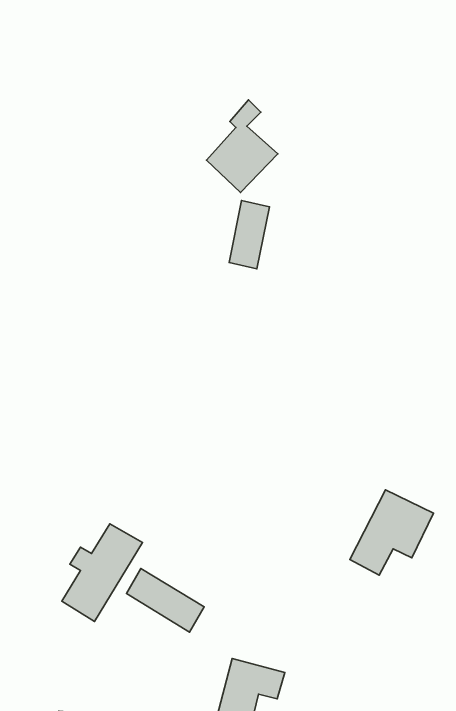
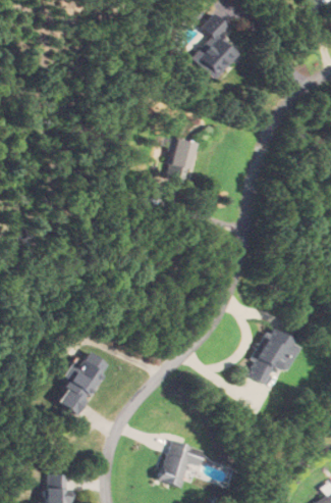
building: [207,100,278,193] -> [192,17,239,79]
building: [126,568,204,632] -> none

